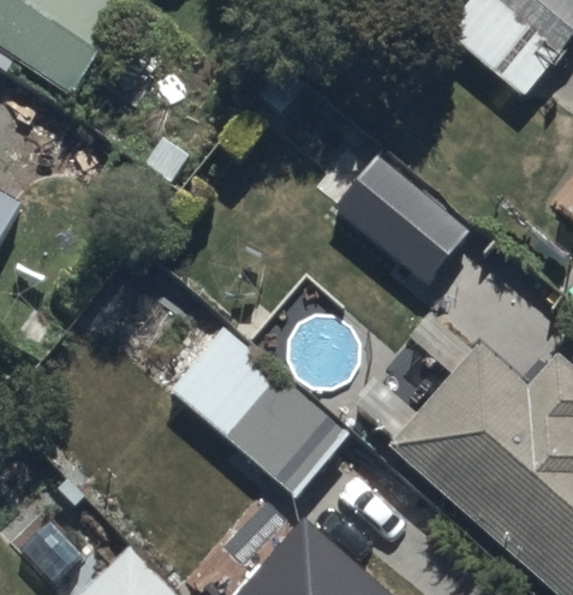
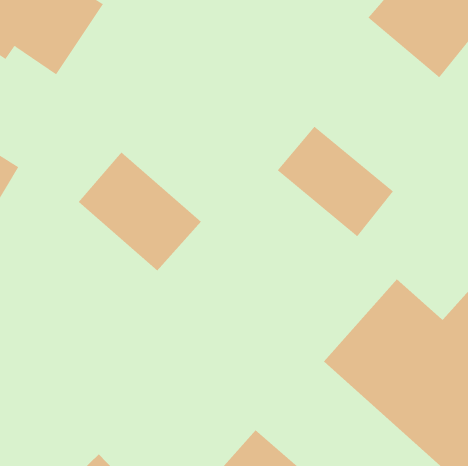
building: none -> [78,151,202,271]
building: [169,321,353,498] -> none

